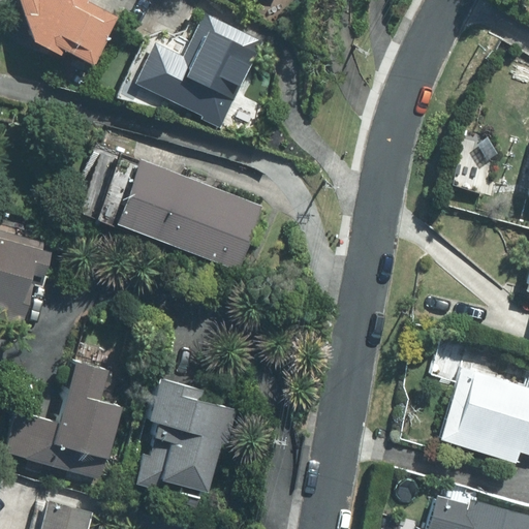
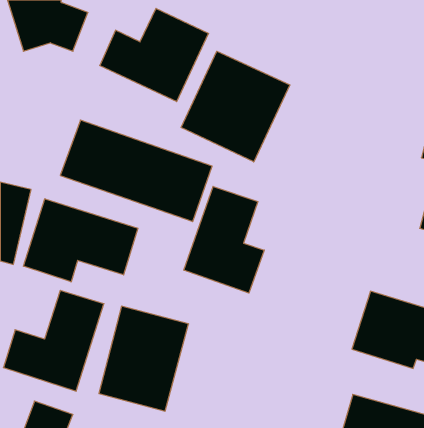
building: none -> [181,51,290,162]
building: none -> [184,186,264,293]
building: none -> [23,199,138,282]

